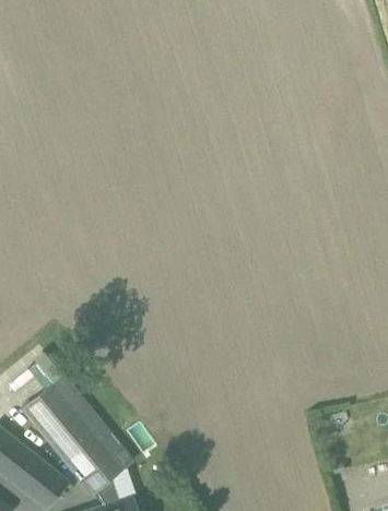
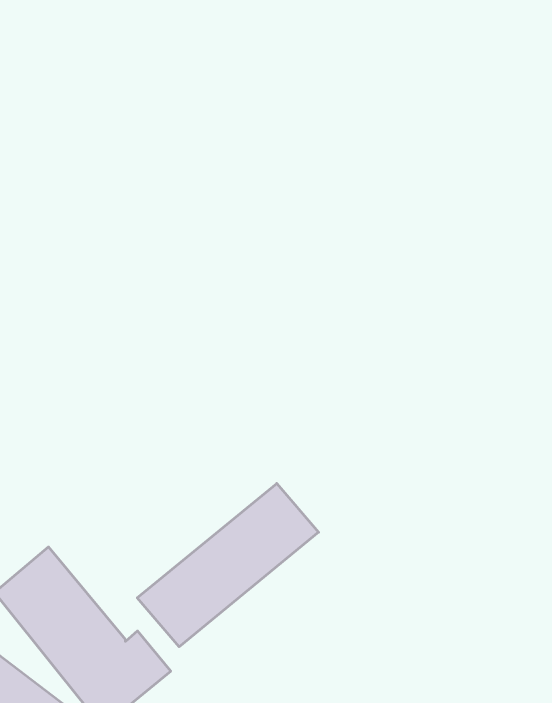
building: none -> [137,483,319,647]

